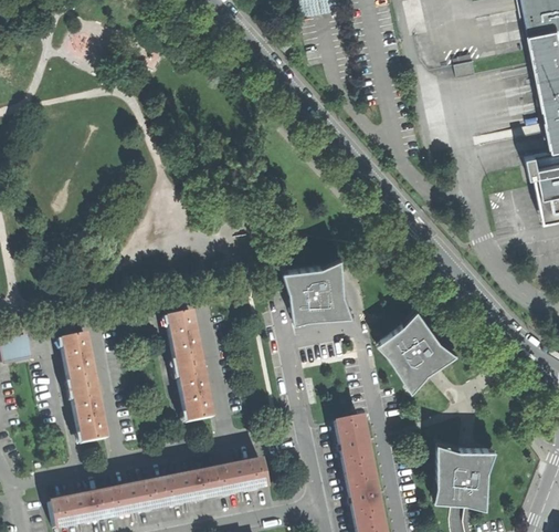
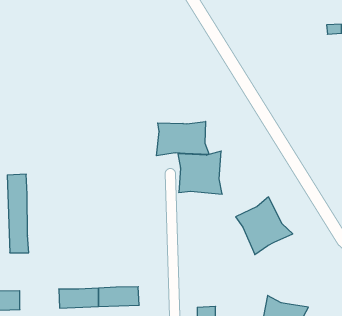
building: none -> [156,121,209,156]
building: [166,311,213,421] -> none
building: [335,415,370,473] -> none
building: [104,480,161,517] -> none

